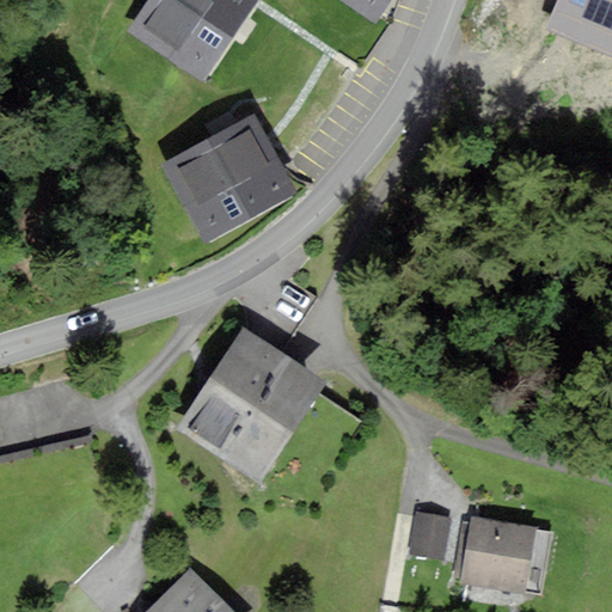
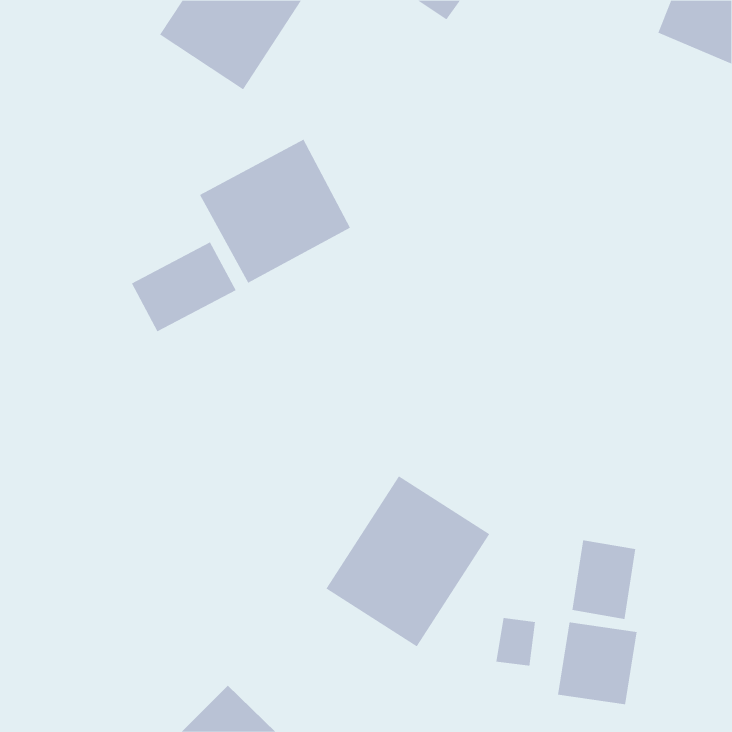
building: none -> [131,241,237,332]
building: [183,330,320,473] -> [326,475,490,647]
building: none -> [572,539,636,620]

